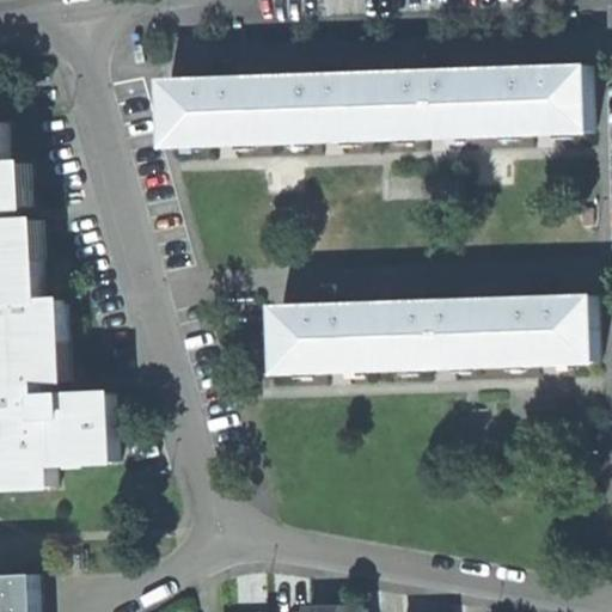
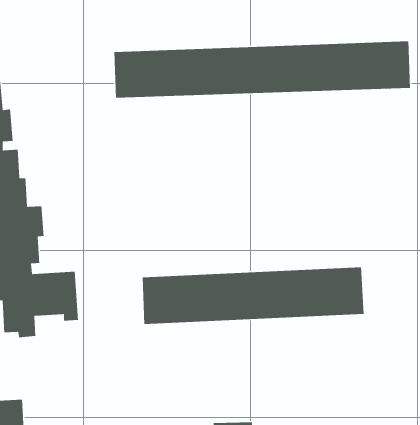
building: [271,293,588,375] -> [142,267,364,325]

